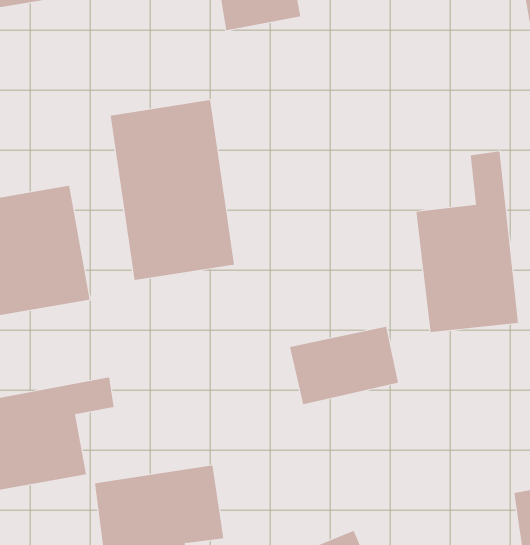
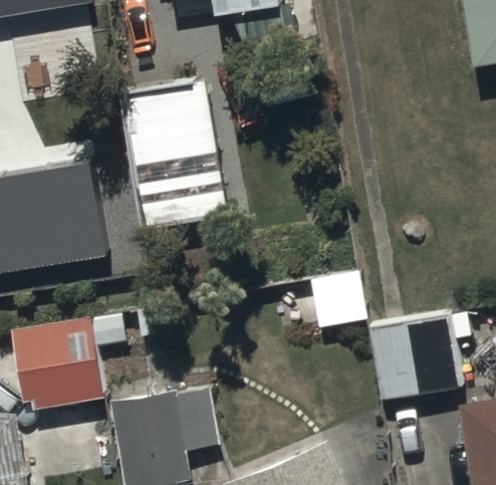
building: [416,151,519,333] -> none
building: none -> [373,314,463,401]

